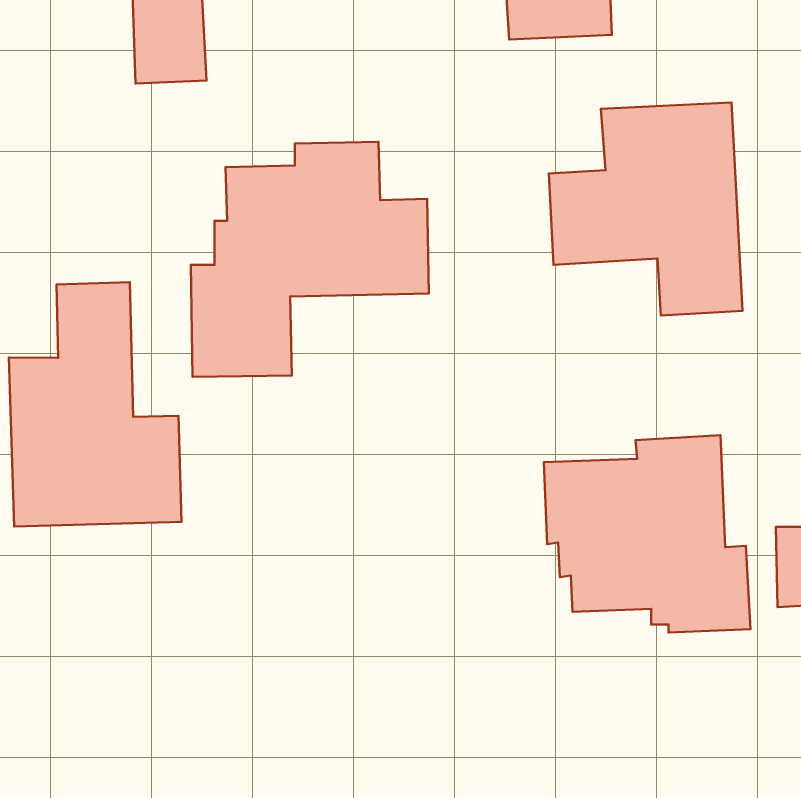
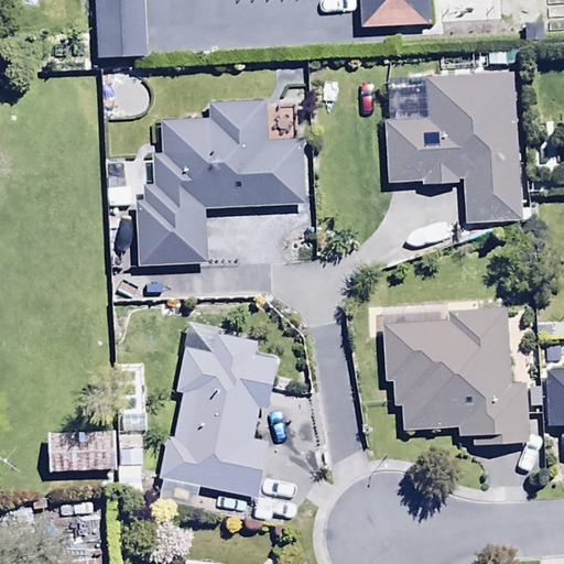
building: [9,282,181,527] -> none
building: none -> [160,332,279,495]
building: none -> [48,429,117,468]

